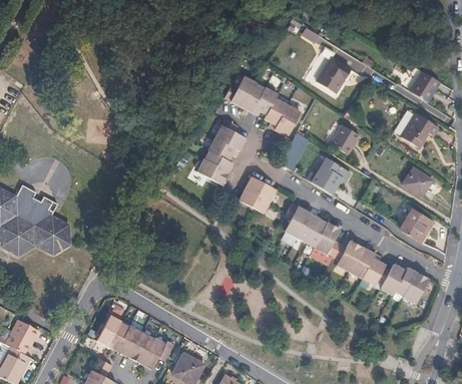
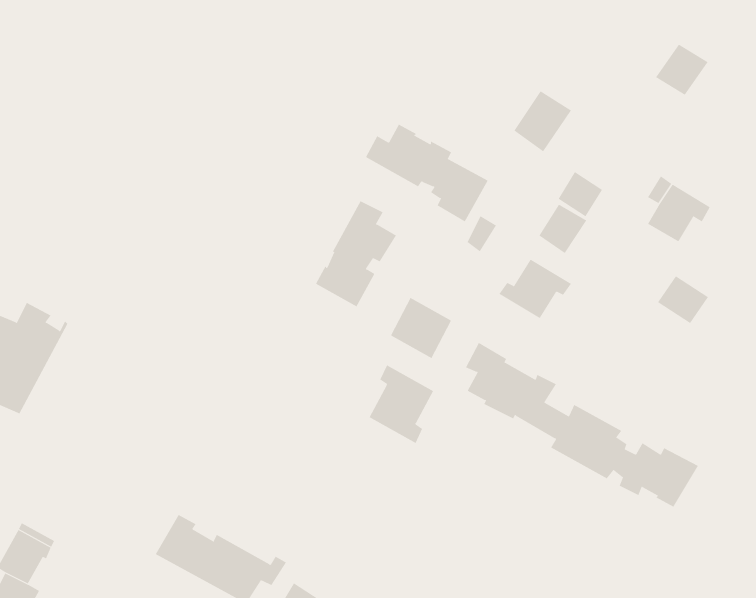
building: [408,72,440,103] -> [655,44,709,96]
building: none -> [558,171,603,217]
building: [19,197,71,252] -> none
building: [401,210,432,241] -> none
building: none -> [369,364,434,444]

